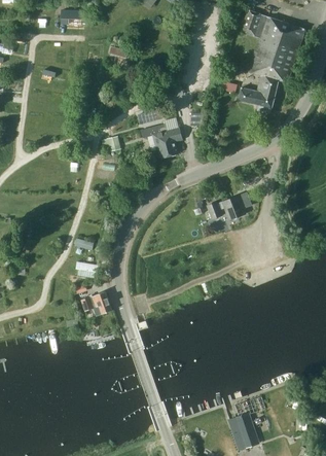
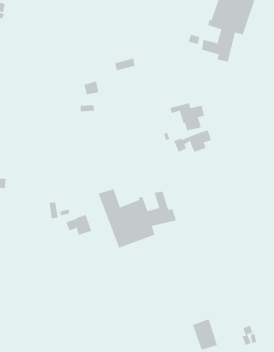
building: [141,125,182,157] -> [170,102,205,131]
building: none -> [98,189,176,248]

